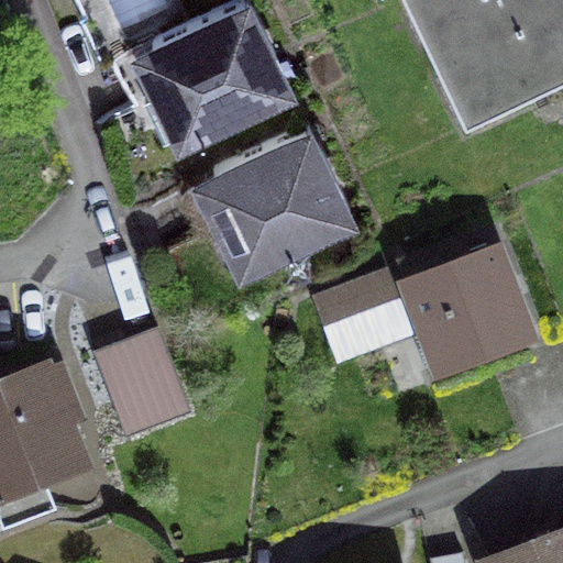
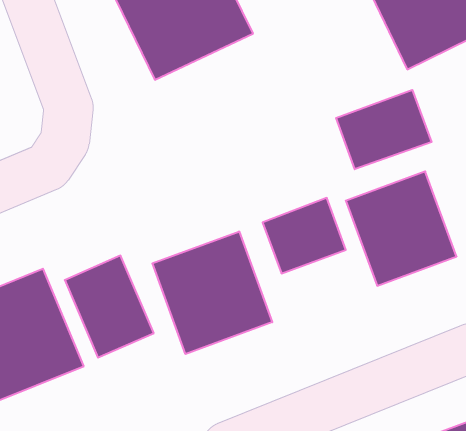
building: [188,130,352,279] -> none
building: none -> [336,90,432,169]
building: none -> [152,231,272,354]

